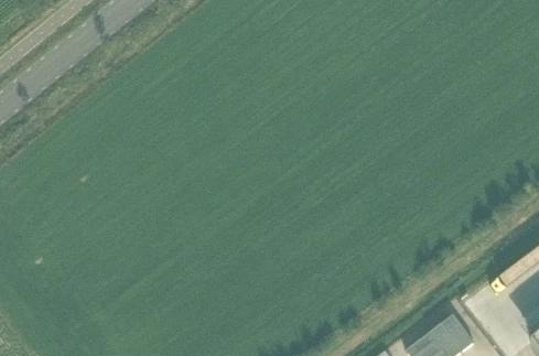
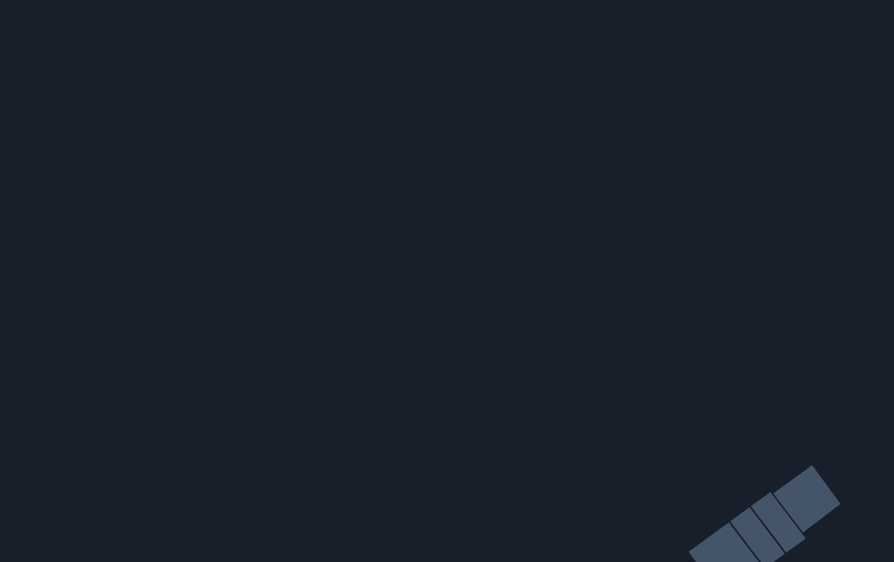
building: none -> [772,464,841,534]

